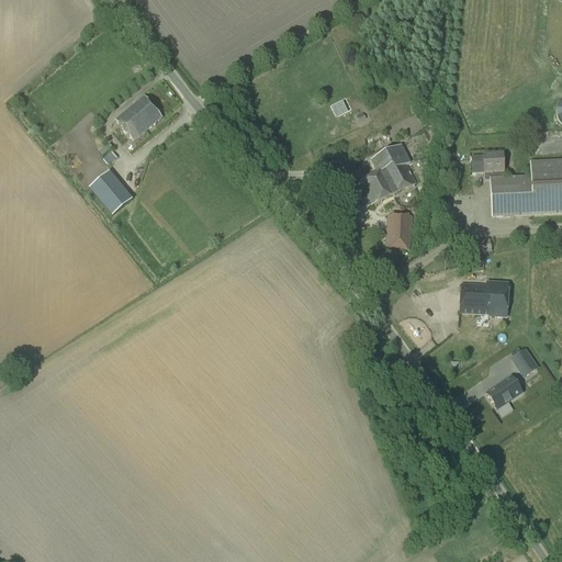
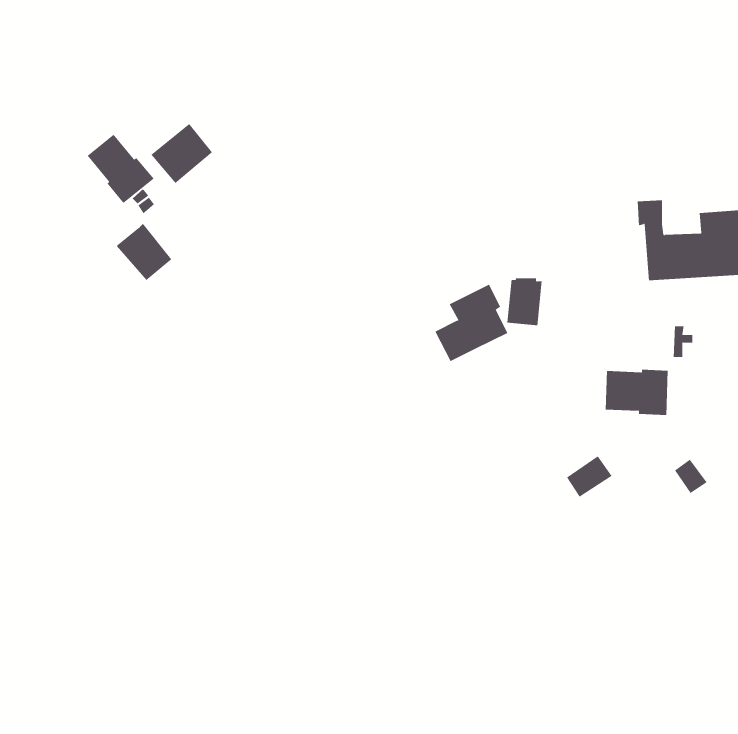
building: none -> [87,134,154,204]
building: [360,143,416,202] -> [434,284,508,362]
building: [487,374,522,406] -> [566,456,613,498]

